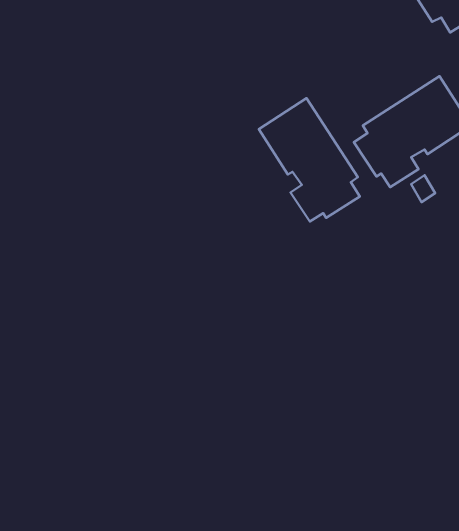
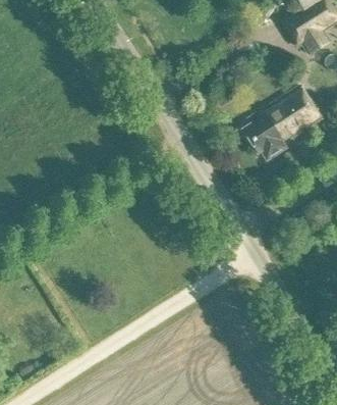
building: [259,98,360,221] -> none

